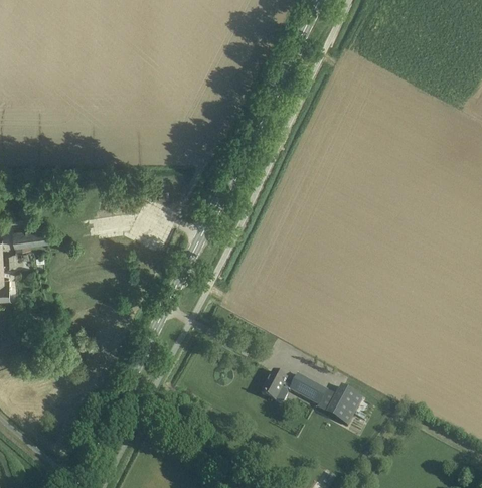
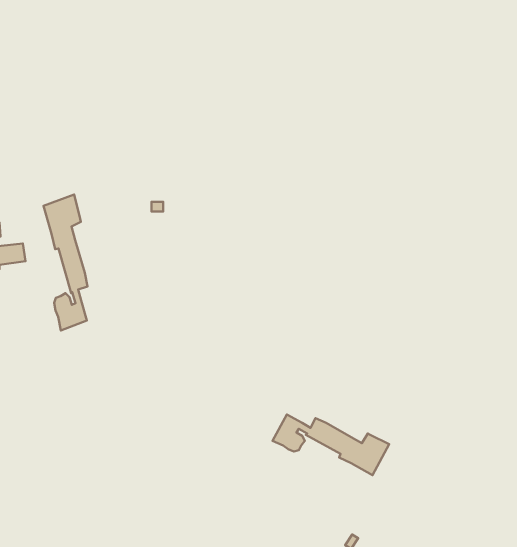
building: none -> [44,194,88,330]

